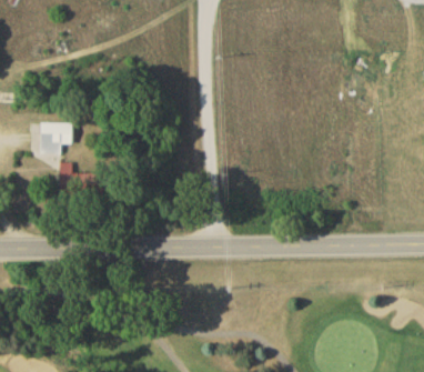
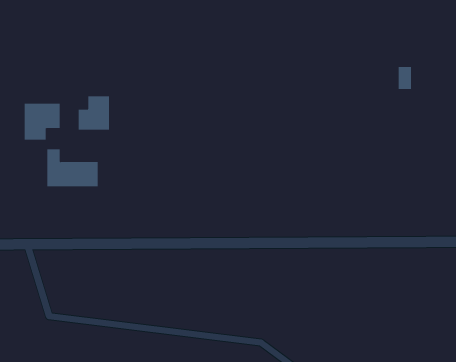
building: none -> [78,95,110,130]

